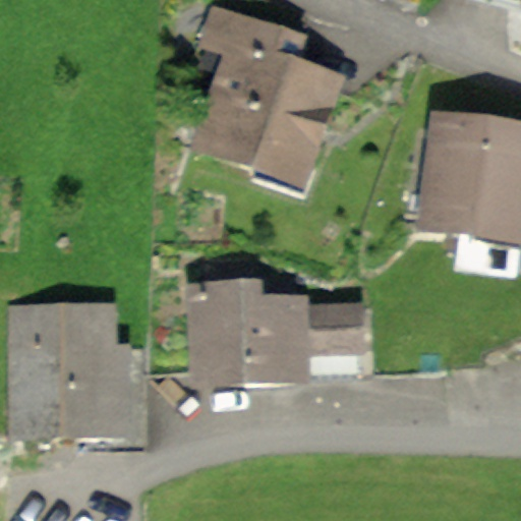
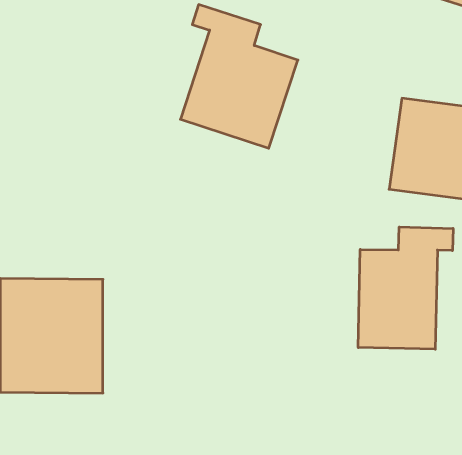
building: none -> [358,227,453,349]
building: [182,291,362,395] -> none

